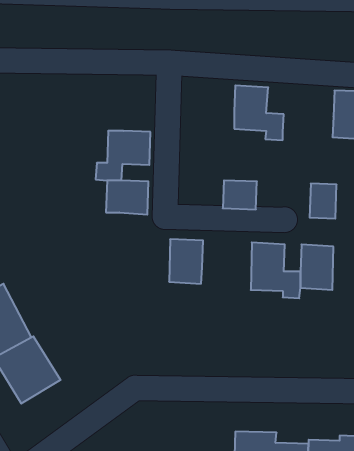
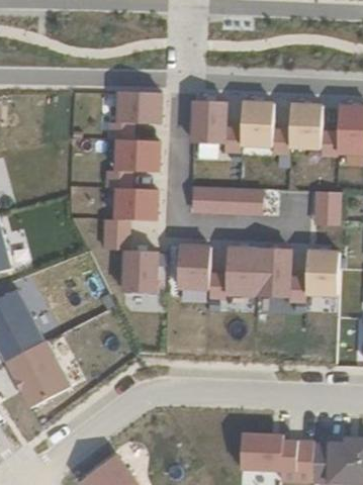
building: none -> [107,91,161,139]
building: none -> [192,93,241,147]
building: none -> [288,97,338,151]
building: none -> [196,186,231,215]
building: none -> [102,218,154,294]
building: none -> [207,248,258,299]

